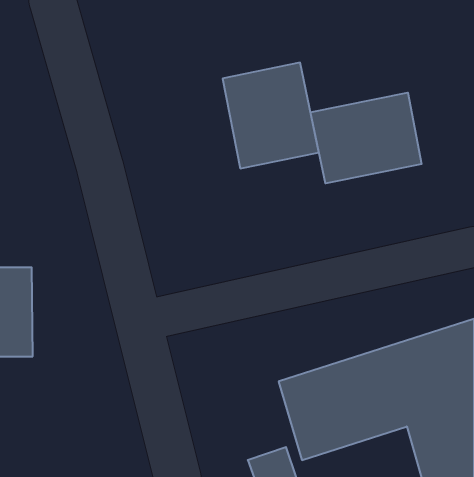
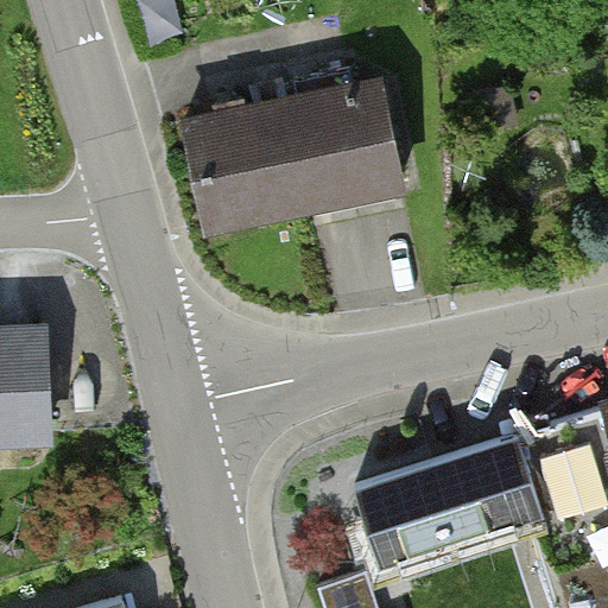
building: none -> [183,101,305,235]
building: [310,93,422,183] -> none

